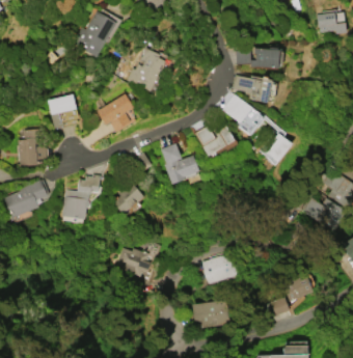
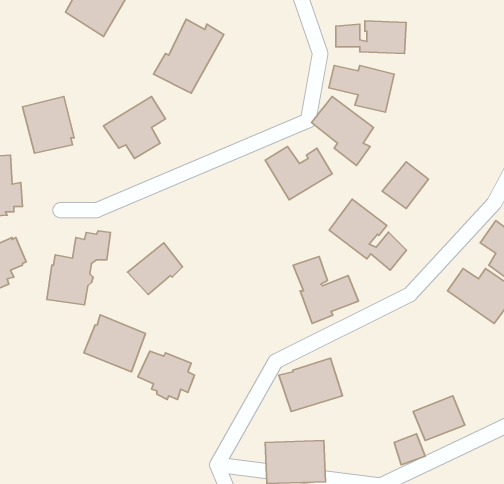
building: [161,143,200,184] -> [293,257,359,324]
building: none -> [329,199,406,270]
building: none -> [84,315,146,372]

